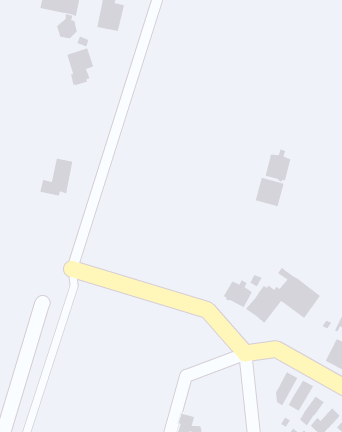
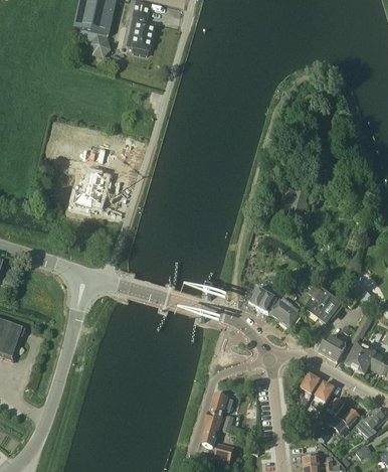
building: [67,48,94,86] -> none
building: [264,149,291,183] -> none
building: none -> [320,335,347,361]
building: none -> [211,394,235,425]

